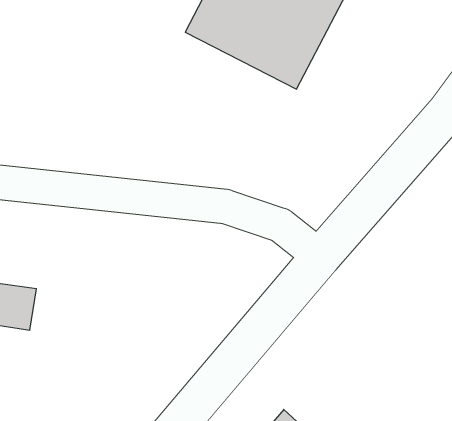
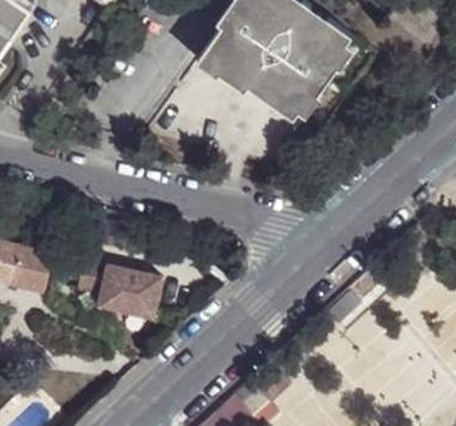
building: none -> [76,261,161,318]

